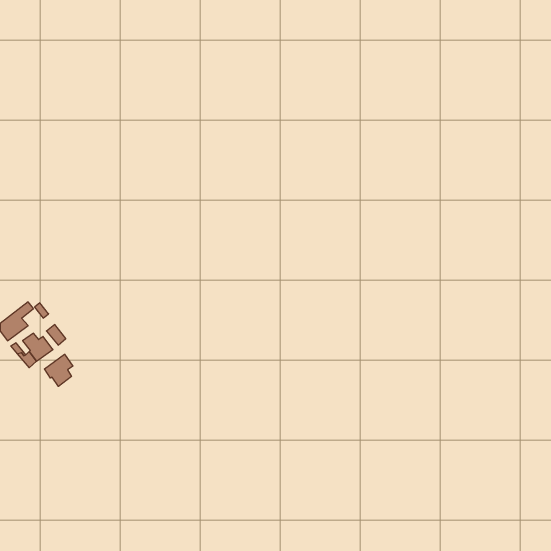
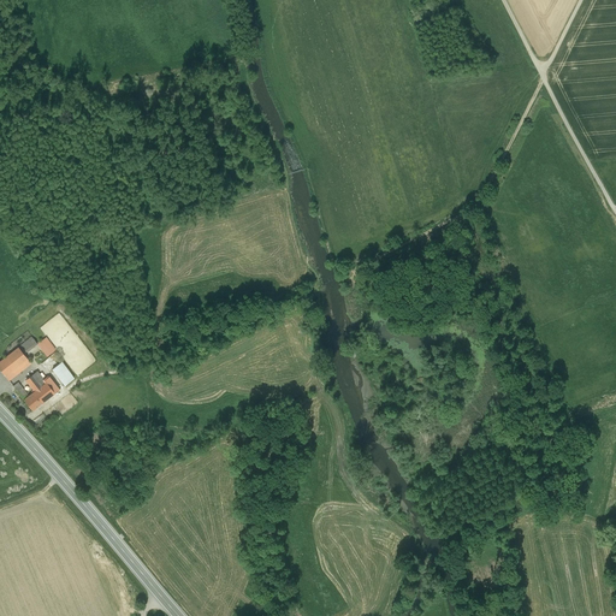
building: [44,354,73,386] -> none

